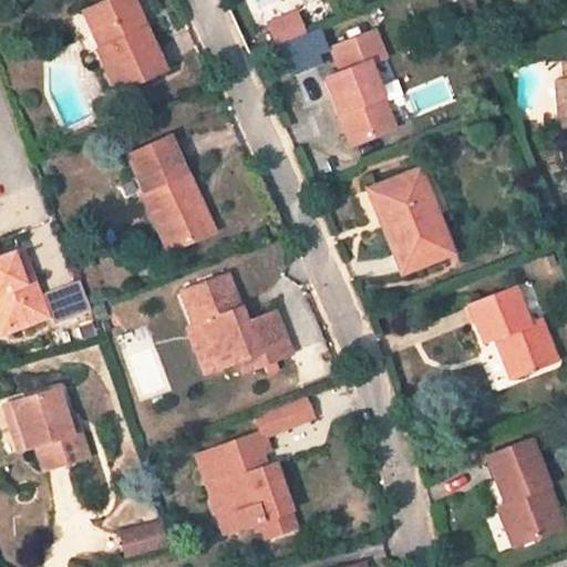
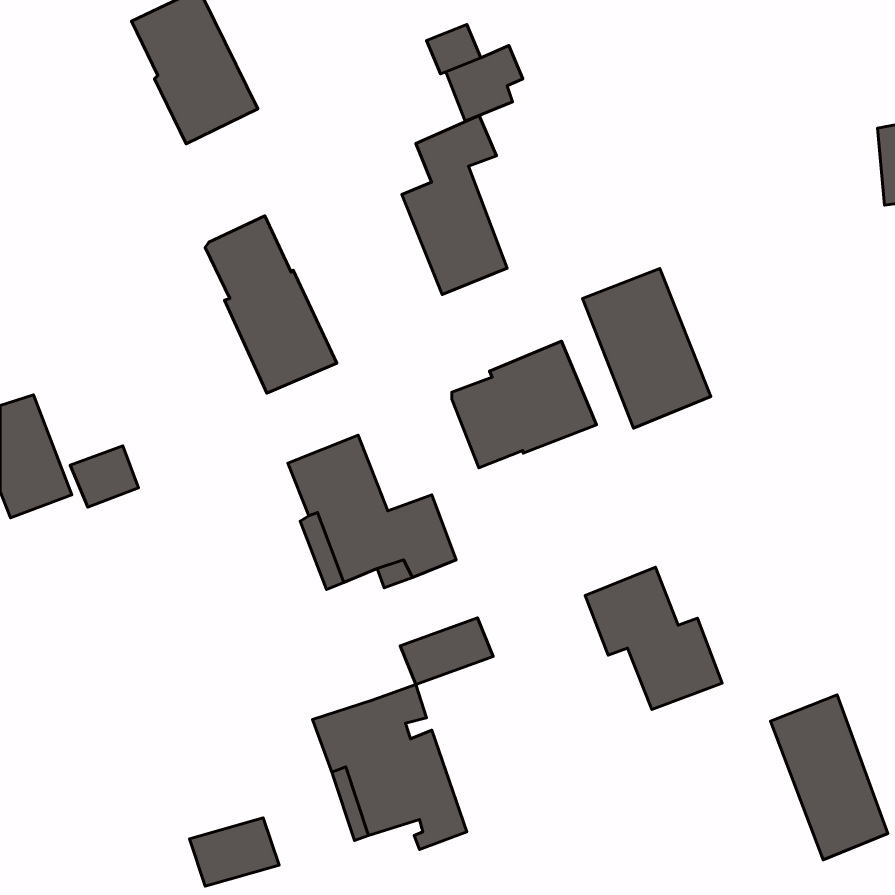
building: [326,29,392,142] -> [402,115,507,294]
building: none -> [452,341,596,468]
building: [470,286,556,375] -> [585,567,722,709]
building: [14,389,87,468] -> none

